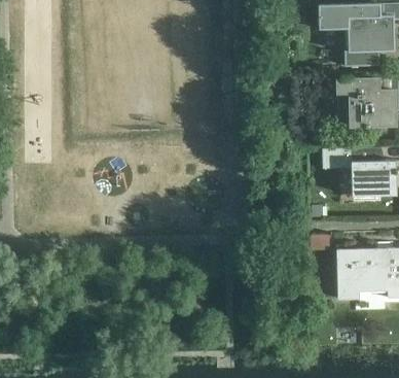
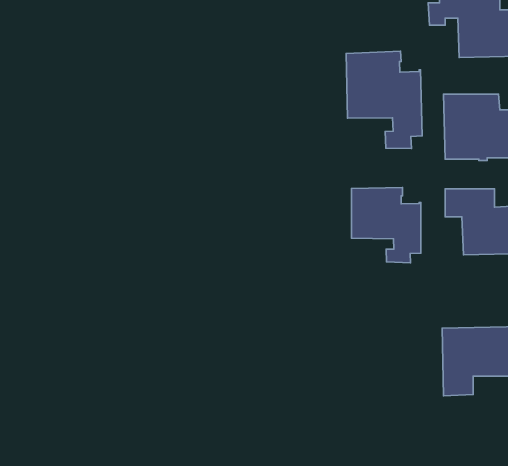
building: none -> [346,51,422,148]
building: none -> [351,188,421,263]

